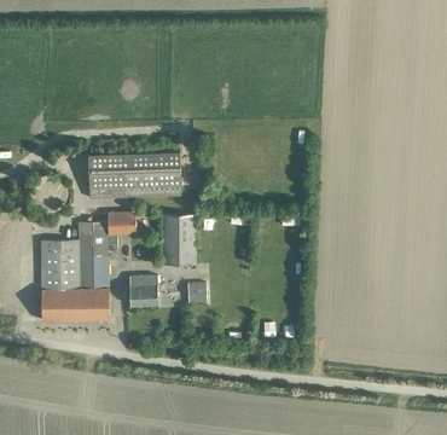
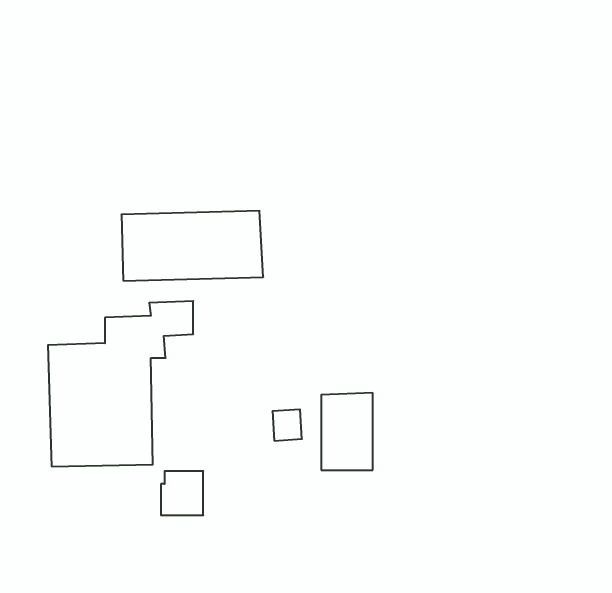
building: [162,214,196,265] -> [321,393,373,470]
building: [130,277,158,306] -> [161,471,203,515]

